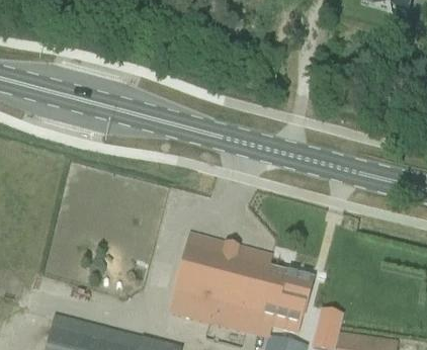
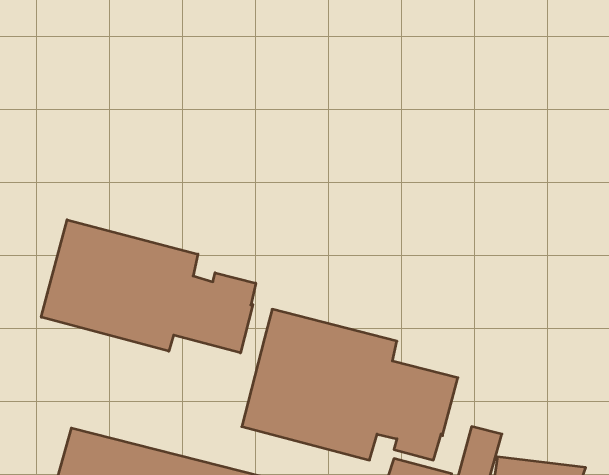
building: none -> [41,220,256,353]

